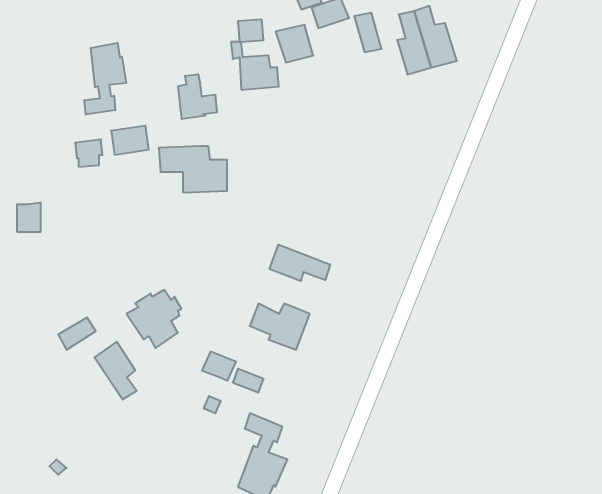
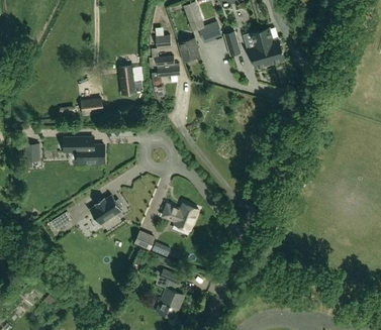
building: [85,43,126,115] -> none
building: [159,146,227,192] -> [64,136,104,163]
building: [269,245,330,281] -> none
building: [94,342,137,400] -> none

